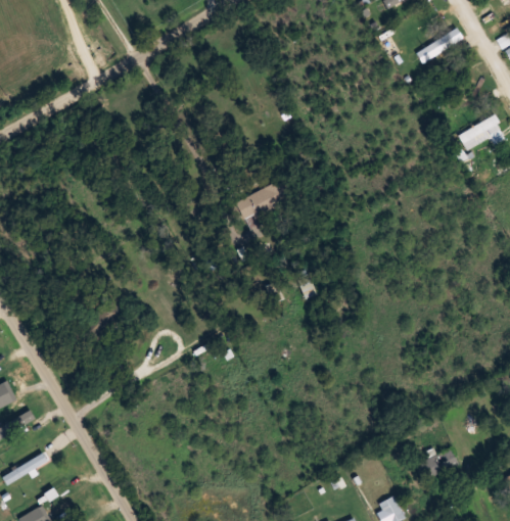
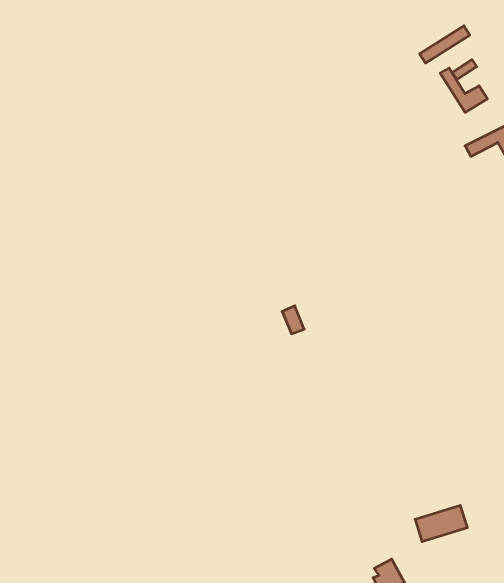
building: none -> [440,68,487,112]
building: [235,180,293,222] -> none

